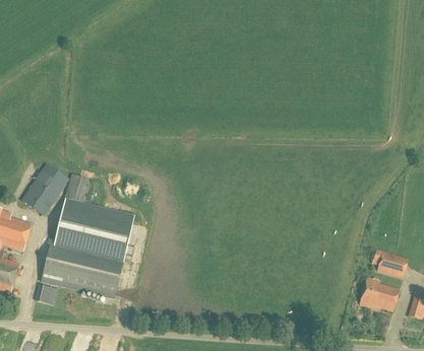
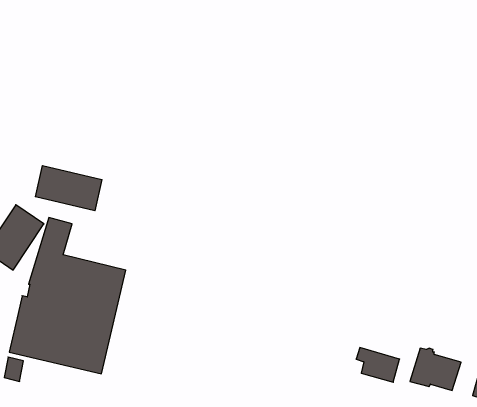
building: none -> [35,166,102,211]
building: [374,249,409,276] -> [356,348,400,382]

